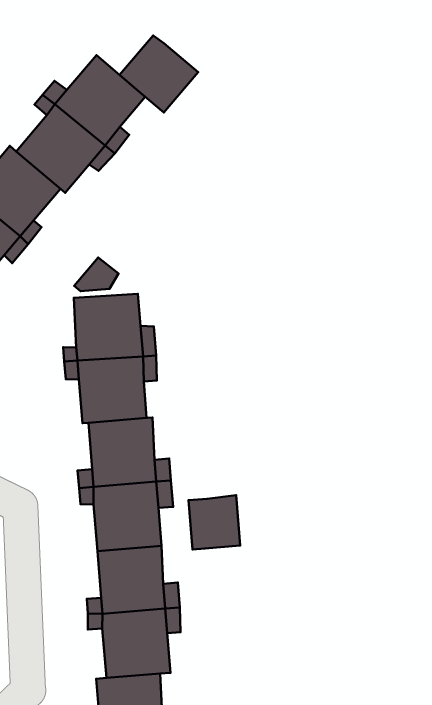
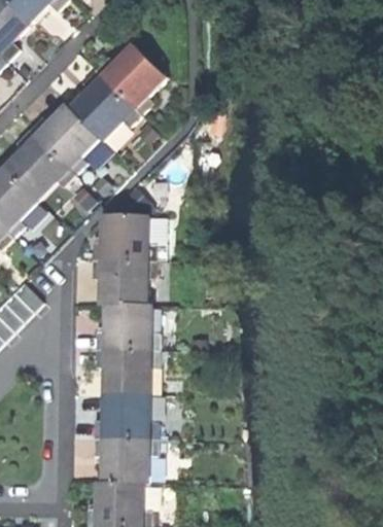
building: [120,36,198,112] -> none
building: [188,495,240,550] -> none

